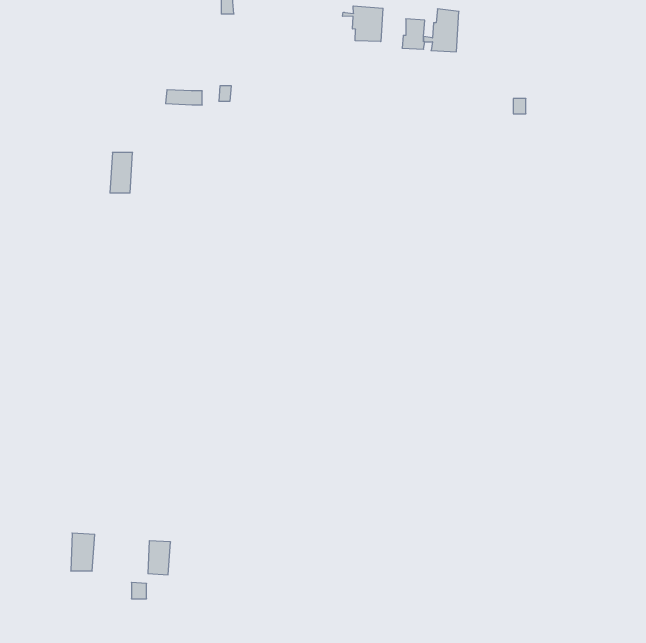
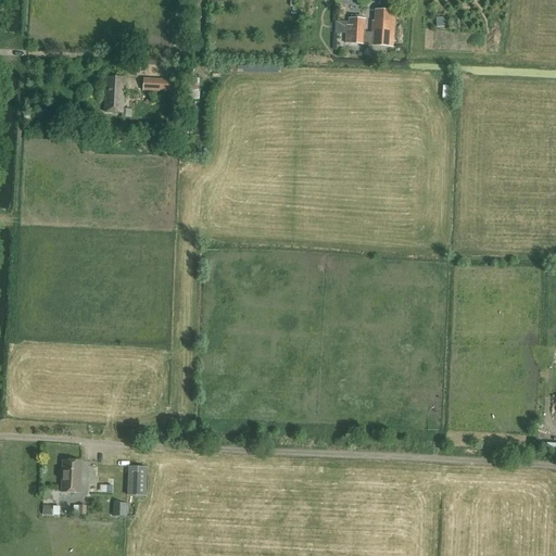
building: [343,6,383,42] -> none
building: [110,152,133,193] -> [104,76,124,111]

